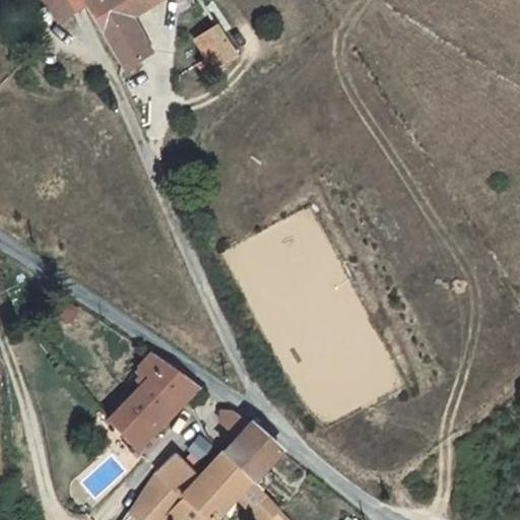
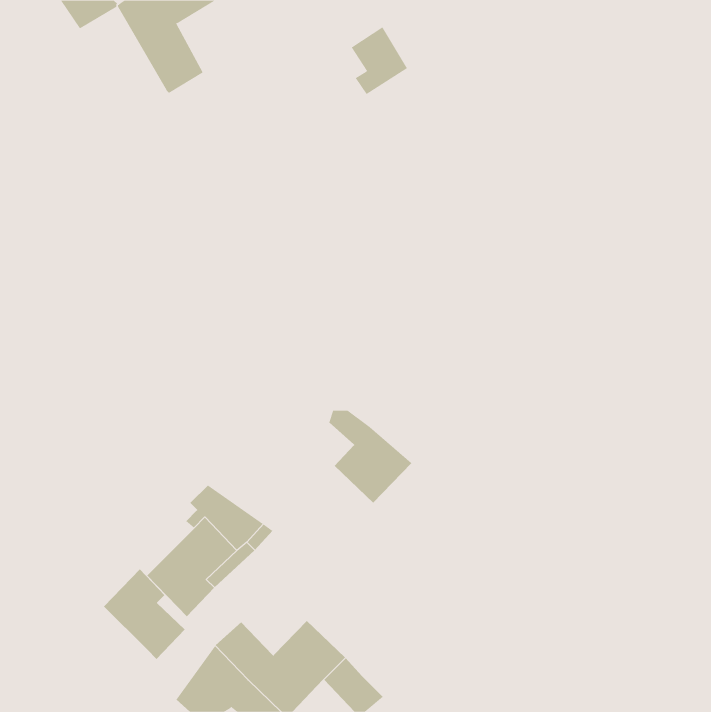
building: [197,25,239,75] -> [351,27,408,95]
building: [220,411,281,479] -> [328,410,412,503]
building: none -> [103,569,186,660]

